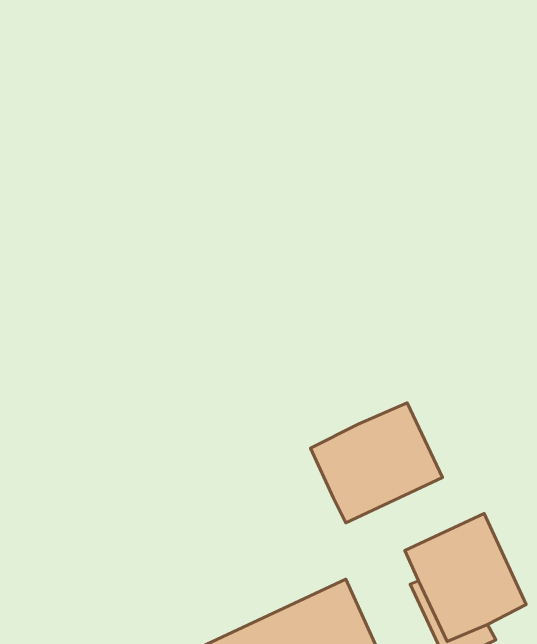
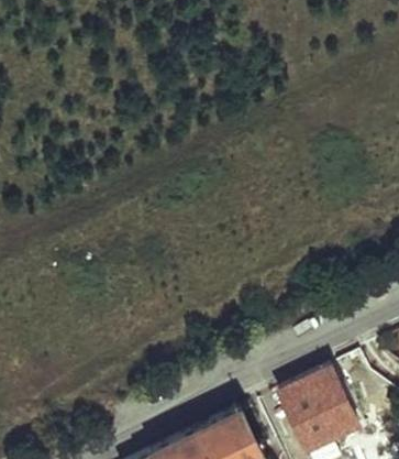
building: [310,403,443,523] -> none

